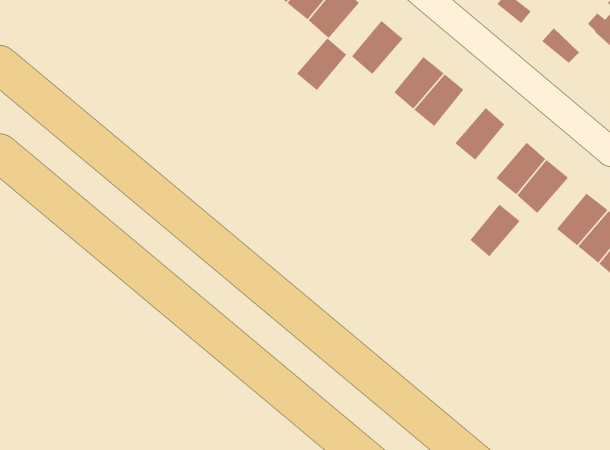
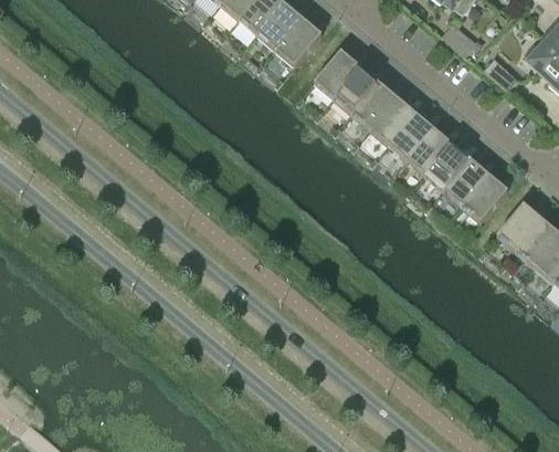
building: [296,37,347,91] -> [333,66,378,114]
building: none -> [388,112,433,159]
building: [469,204,520,257] -> [424,143,470,190]

